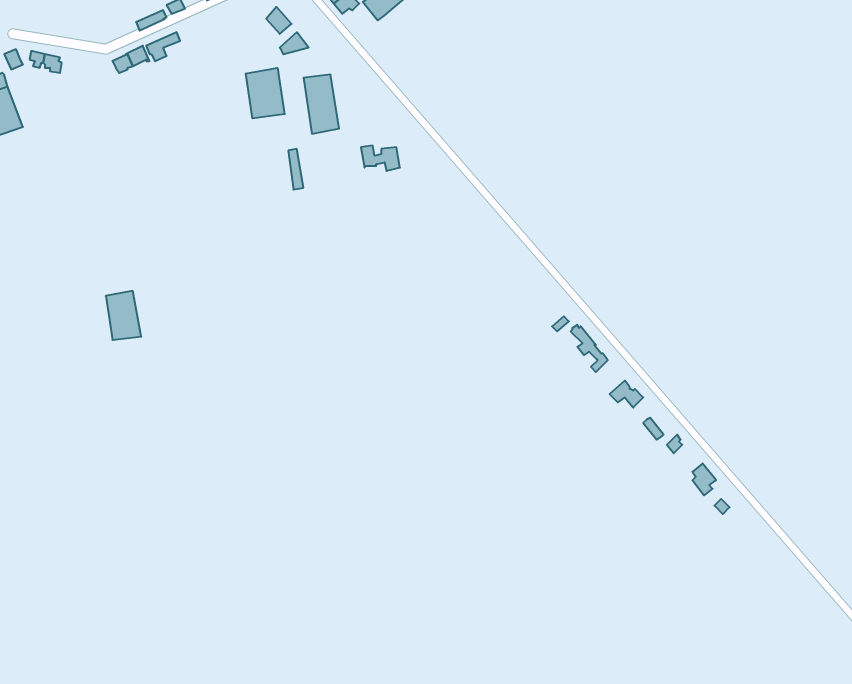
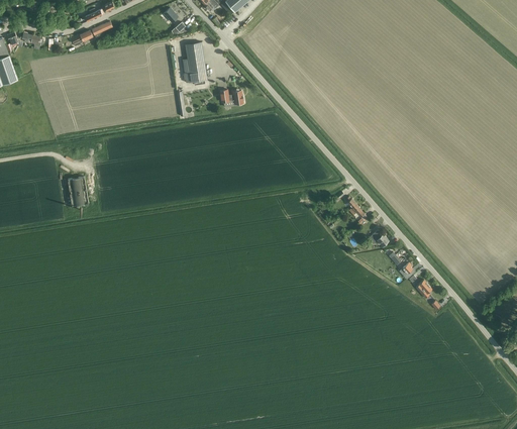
building: [246,68,285,118] -> none

